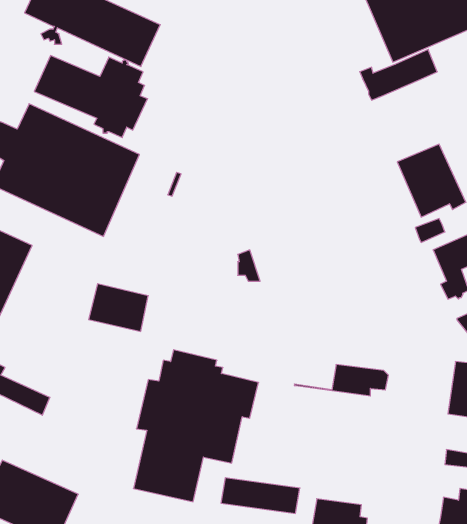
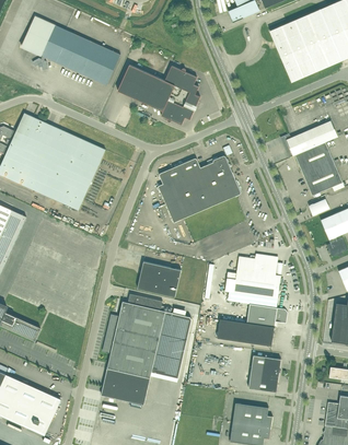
building: [360,49,437,100] -> [280,120,337,157]
building: [34,56,148,138] -> [117,65,200,125]
building: none -> [158,155,241,222]
building: [89,284,148,331] -> [137,261,181,296]
building: none -> [225,254,281,298]
building: none -> [248,354,281,391]
building: [221,478,300,513] -> [217,319,275,346]

